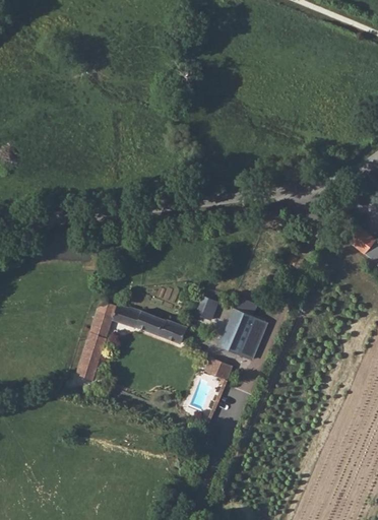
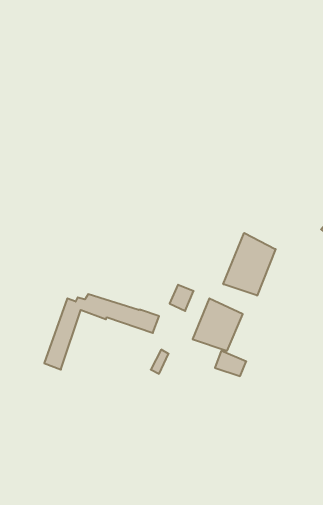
building: none -> [223,233,276,296]
building: [203,356,234,381] -> [215,351,246,376]

